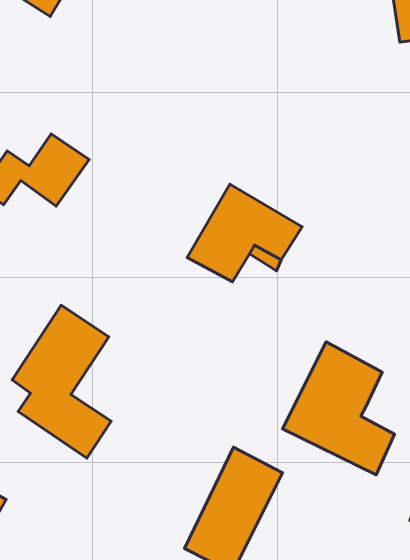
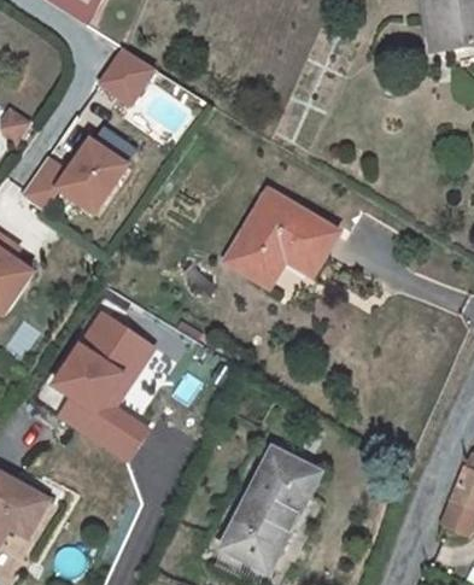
building: none -> [93,42,156,105]
building: [283,342,395,475] -> none

